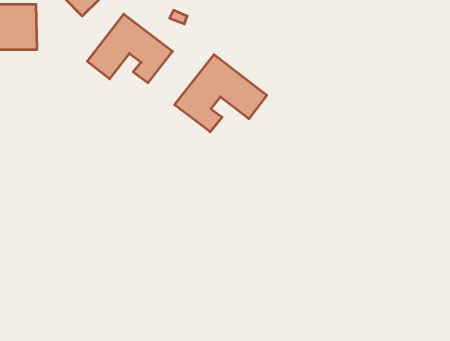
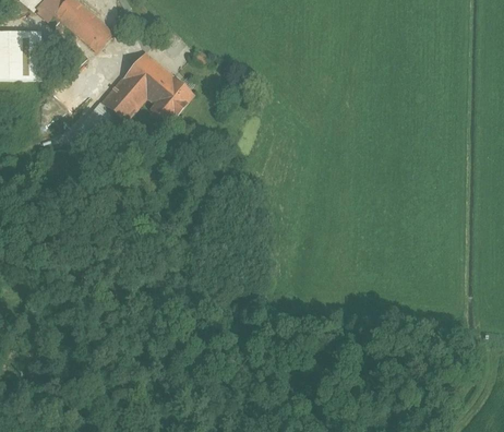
building: [175,55,267,132] -> none

